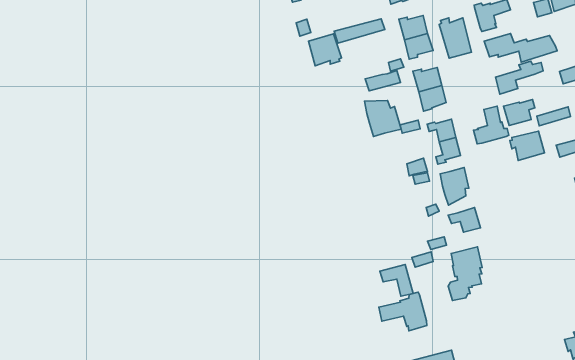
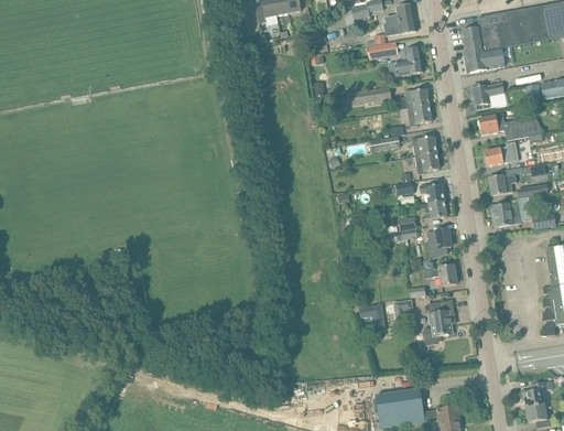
building: [439,18,472,58] -> none
building: [309,34,341,66] -> none
building: [365,101,401,136] -> none
building: [473,106,509,144] -> none
building: [379,292,427,331] -> none

